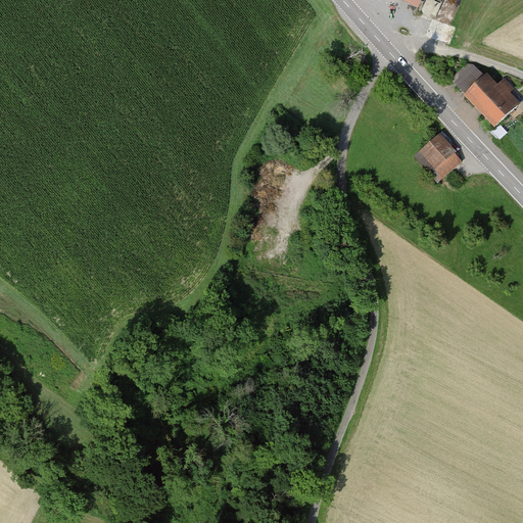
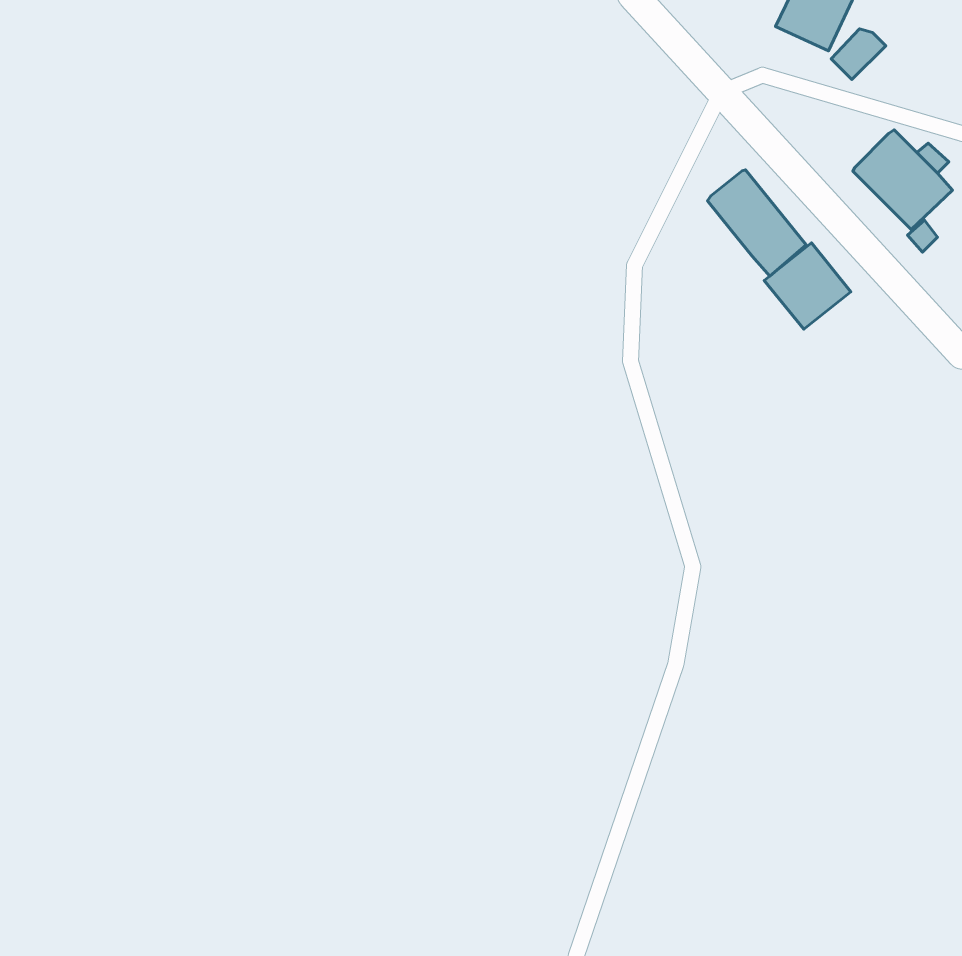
building: [453,63,482,91] -> [831,29,886,80]
building: none -> [707,170,806,276]

